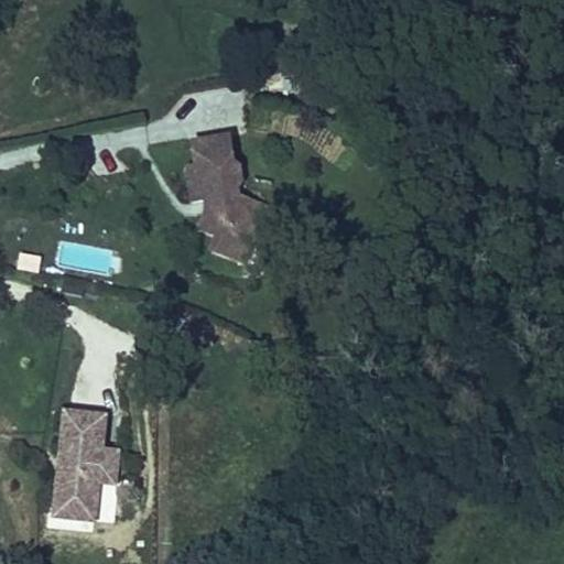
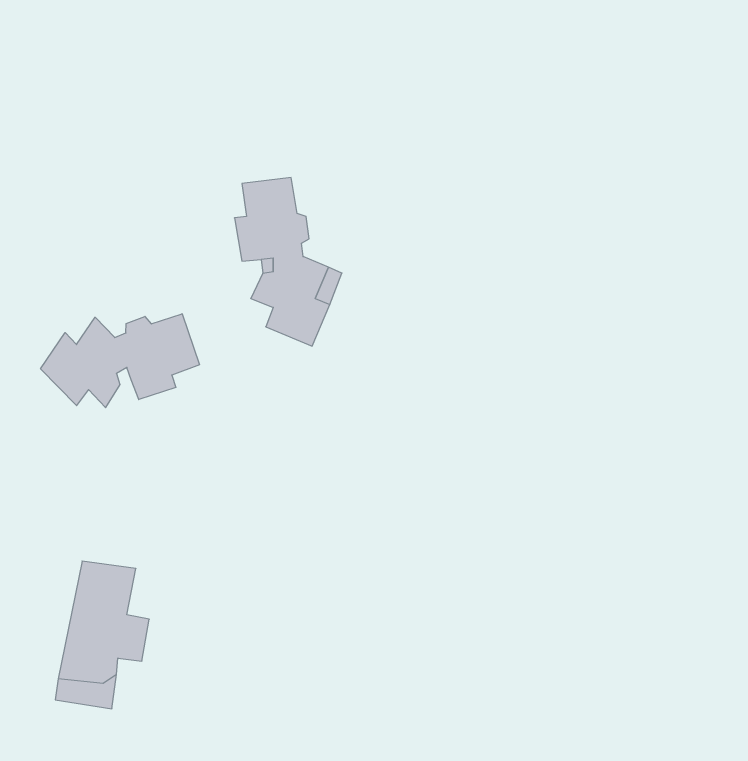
building: none -> [41,314,199,408]

